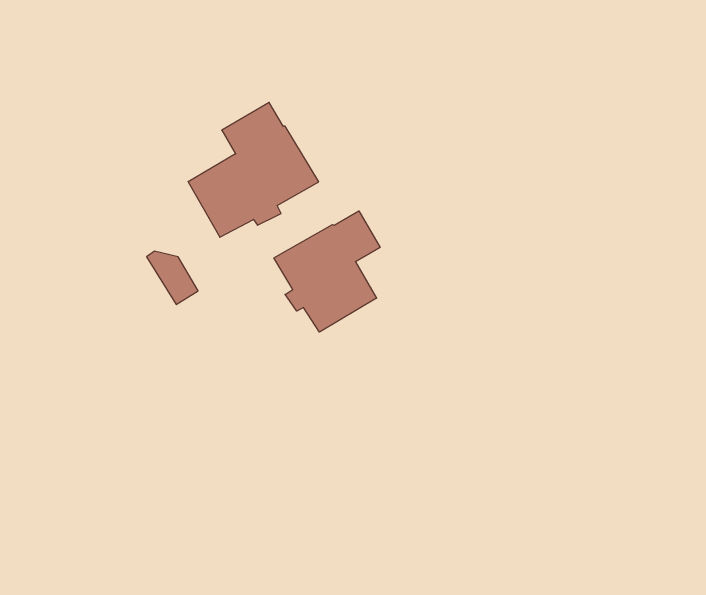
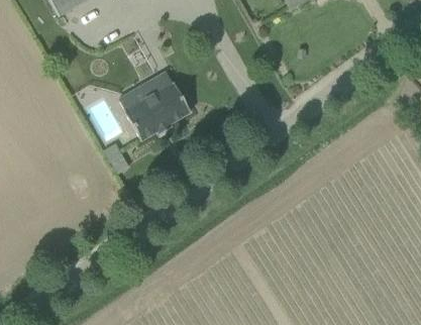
building: [274,211,380,332] -> none

